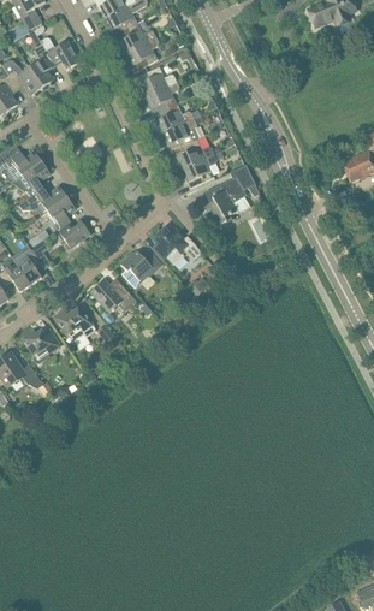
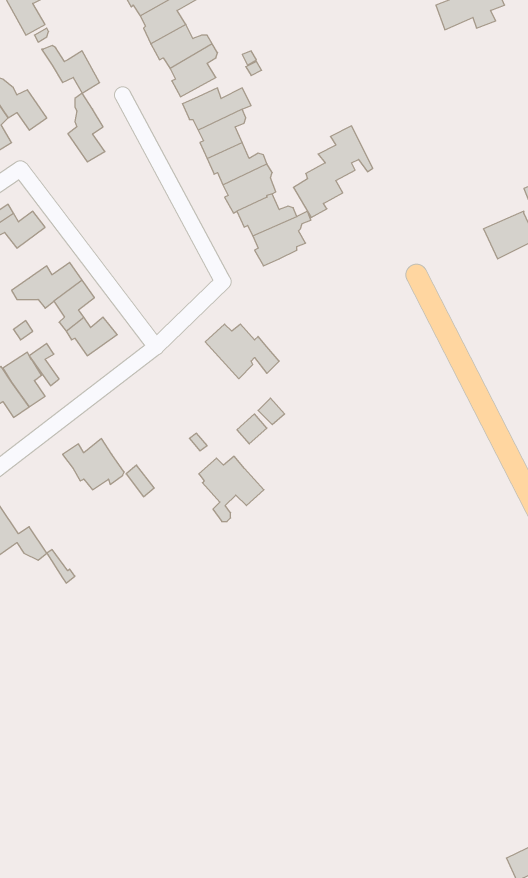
building: [29,38,54,85] -> [68,93,105,162]
building: [17,160,49,195] -> none
building: [203,164,257,226] -> [293,126,373,218]
building: [119,248,160,286] -> none
building: [91,277,136,321] -> [199,456,264,522]
building: [20,327,59,362] -> none

